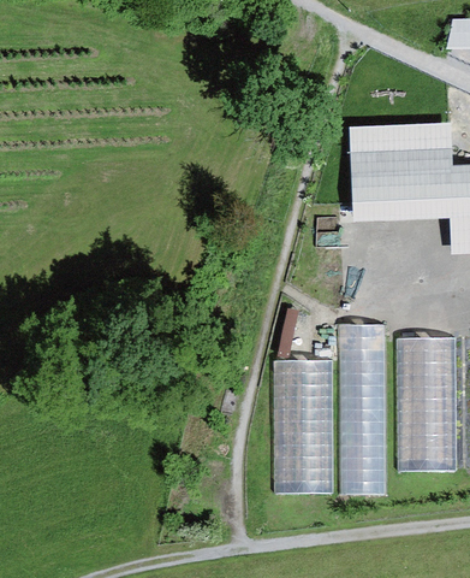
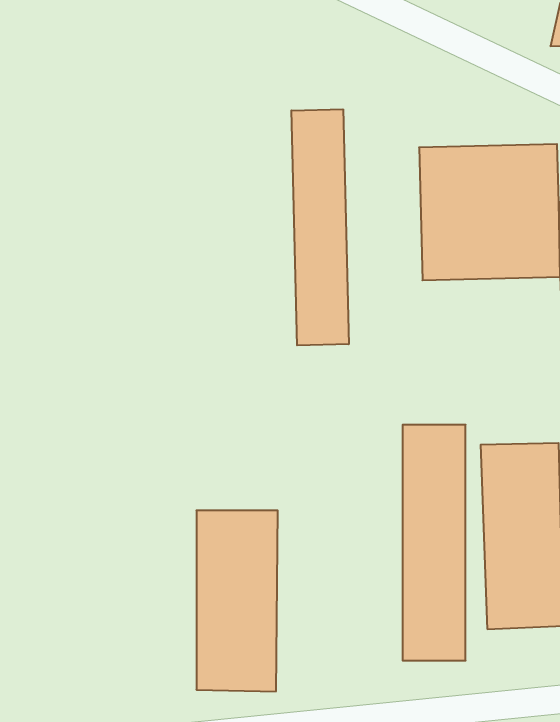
building: none -> [291,109,349,345]
building: [274,360,333,491] -> [196,510,278,691]

